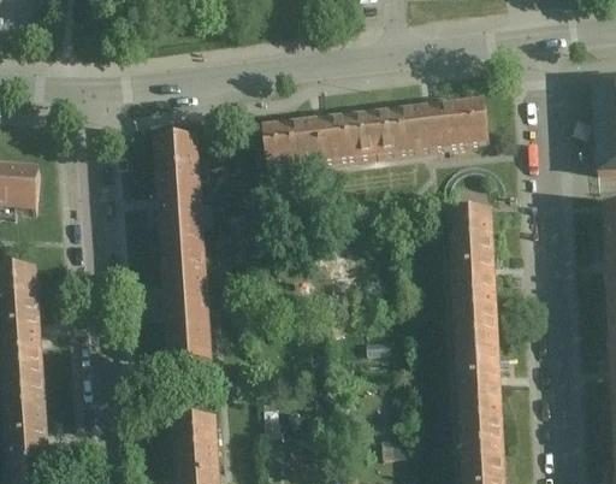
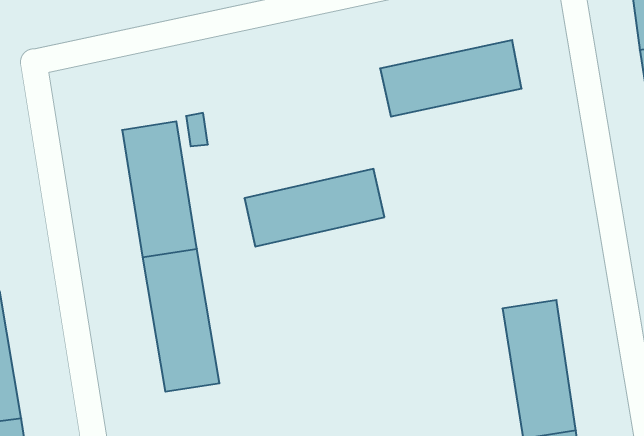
building: [261,112,375,166] -> [244,169,384,247]
building: [446,208,497,321] -> none

